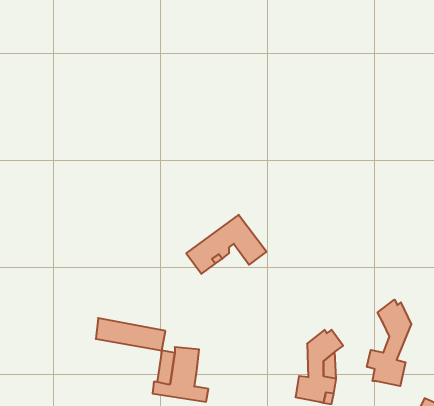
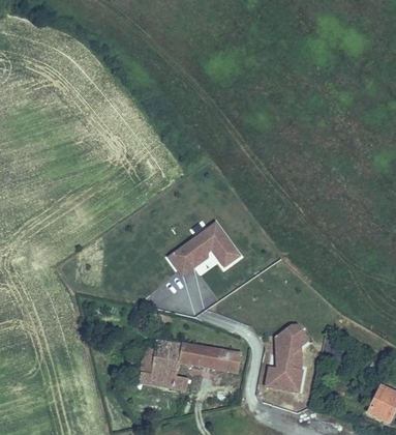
building: [367,300,411,386] -> none
building: [96,318,165,351] -> [178,342,240,371]

